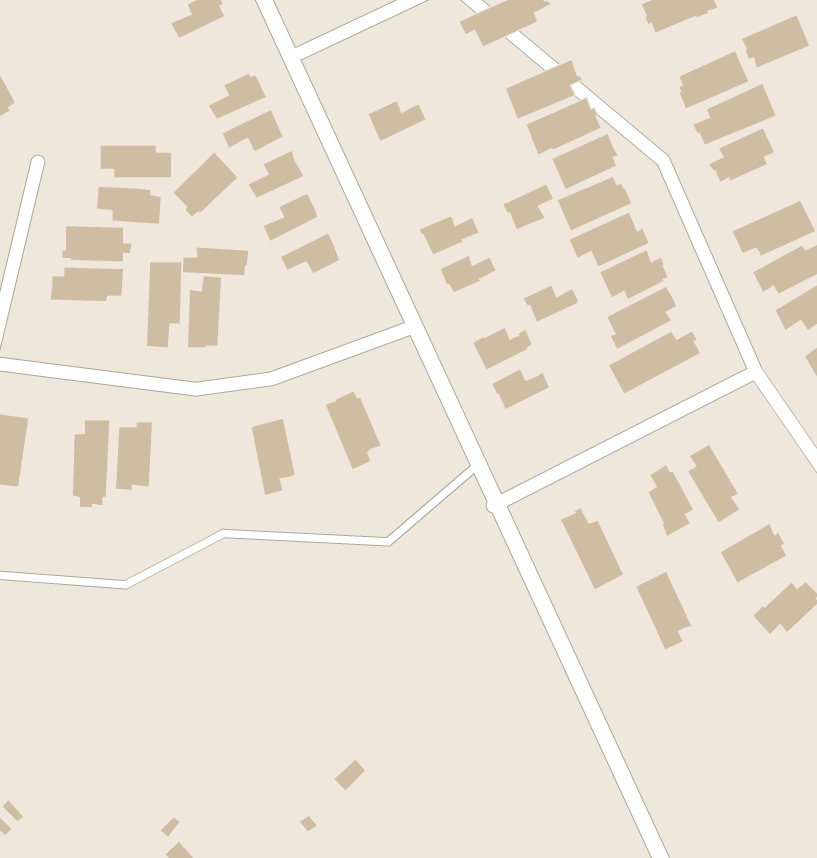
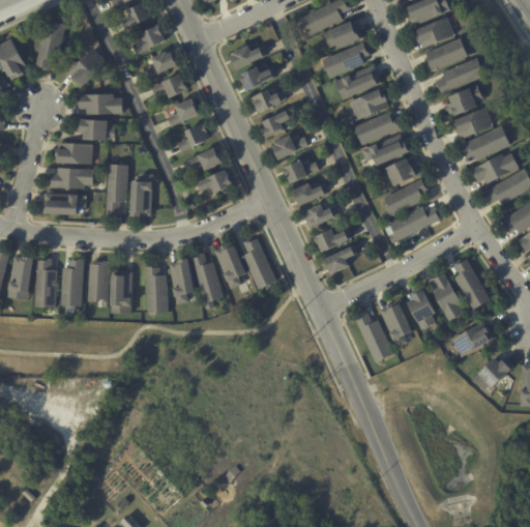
building: [741,15,810,68] -> [414,16,455,48]
building: none -> [36,19,64,69]
building: none -> [322,20,361,48]
building: none -> [135,24,167,53]
building: none -> [231,45,265,68]
building: none -> [249,89,286,113]
building: [173,152,238,217] -> [68,48,108,87]
building: none -> [452,108,493,139]
building: [502,183,554,230] -> [260,110,291,138]
building: [183,247,249,276] -> none
building: none -> [199,169,235,193]
building: [523,285,579,323] -> [292,182,326,205]
building: none -> [42,193,85,214]
building: none -> [242,237,276,288]
building: none -> [324,245,355,272]
building: none -> [190,252,224,309]
building: none -> [35,258,57,312]
building: none -> [453,258,491,309]
building: none -> [145,265,168,313]
building: none -> [111,270,131,314]
building: [636,571,692,650] -> [379,300,413,348]

